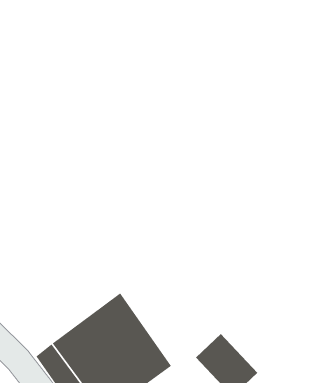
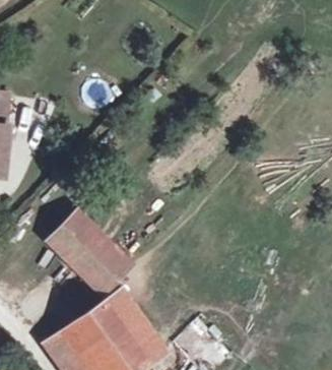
building: none -> [45,207,118,283]

